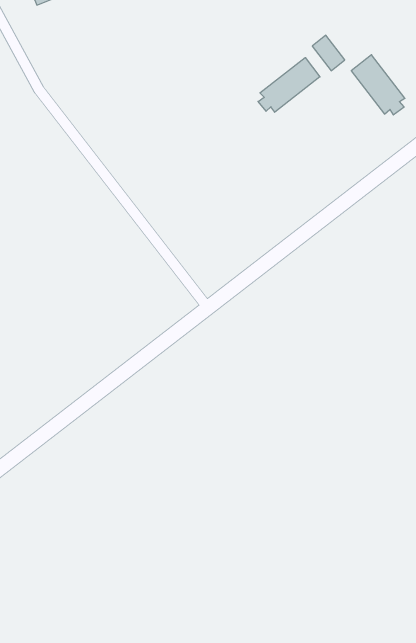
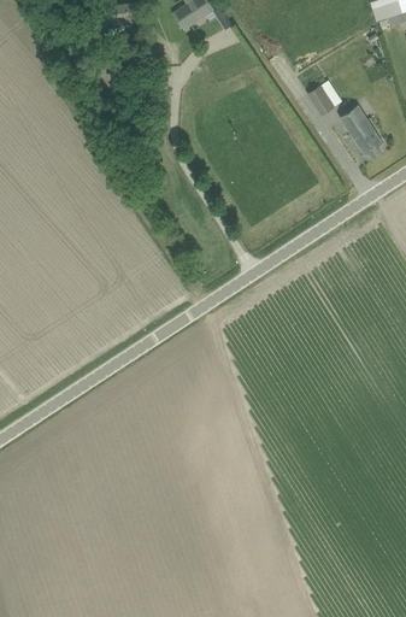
building: [258,58,320,112] -> none

